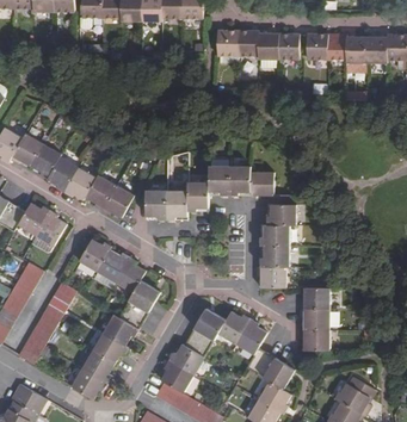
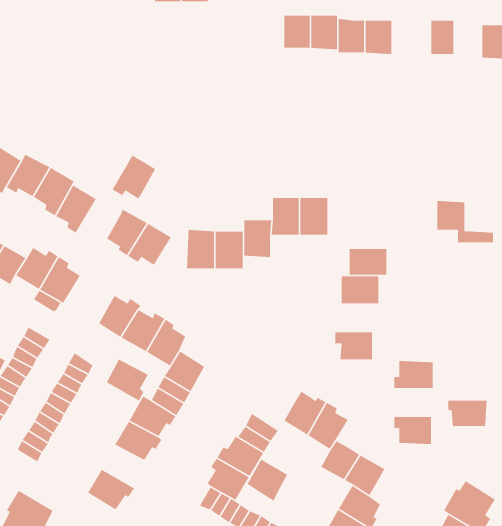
building: [307,33,327,60] -> none
building: [345,37,365,62] -> none
building: [62,167,95,200] -> [111,155,156,199]
building: [251,172,294,204] -> [436,200,494,243]
building: [259,246,289,266] -> none
building: [193,308,224,340] -> [247,459,288,502]
building: [300,309,329,329] -> [448,400,487,427]
building: [81,350,113,383] -> [106,359,149,402]

